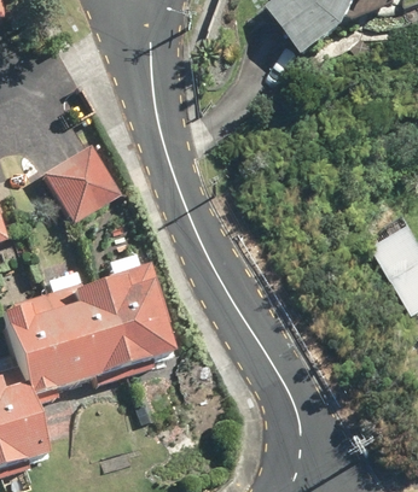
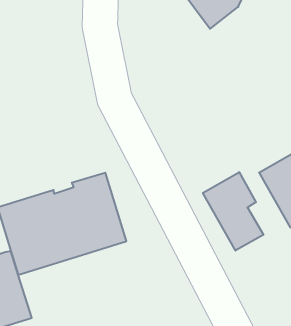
building: [46,141,127,223] -> none
building: none -> [203,172,263,251]

